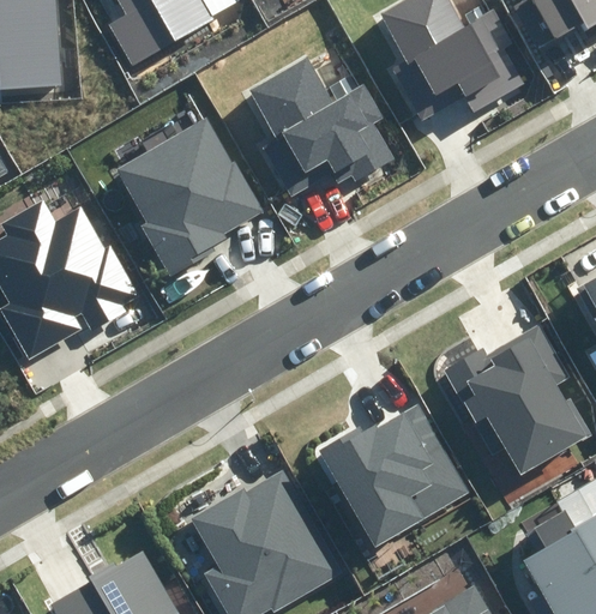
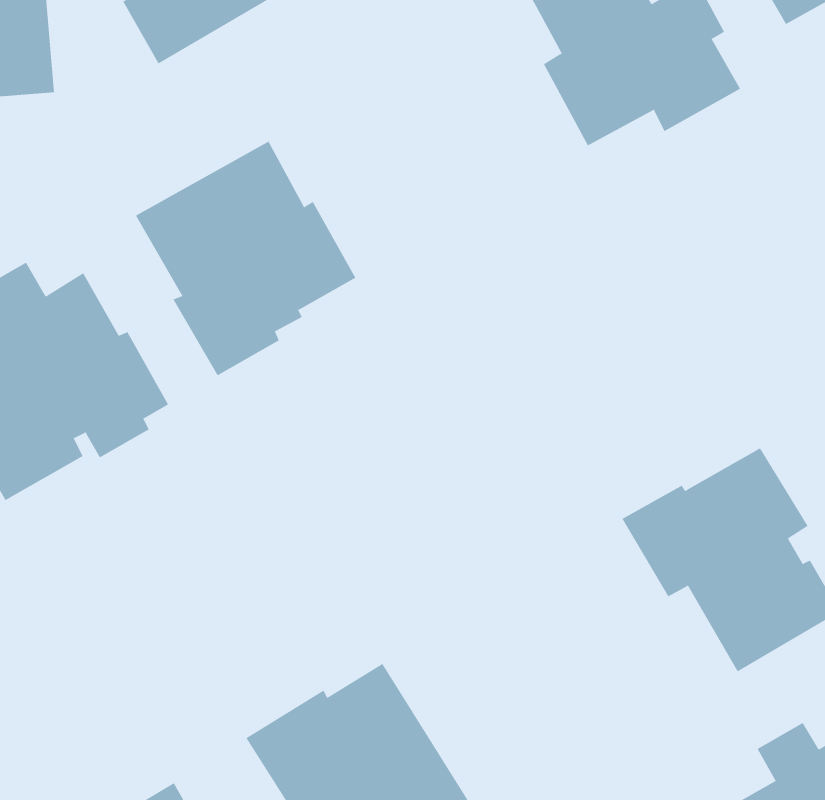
building: [249,60,393,199] -> none
building: [318,405,469,547] -> none

